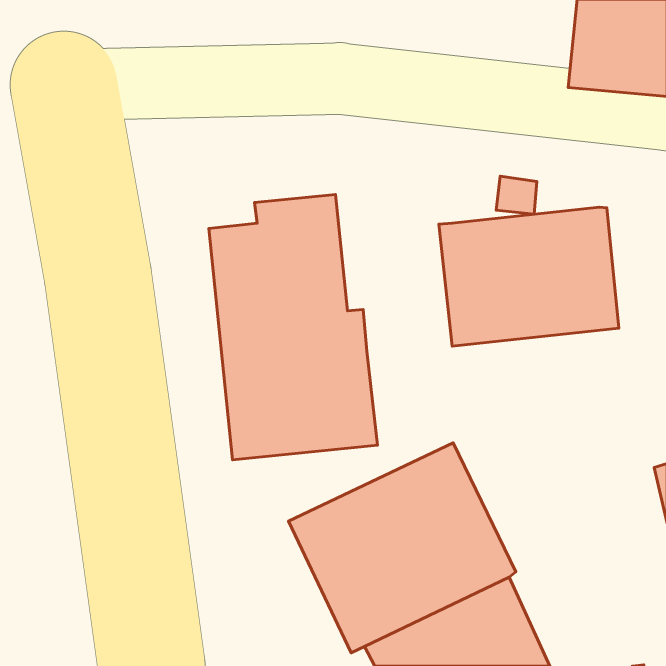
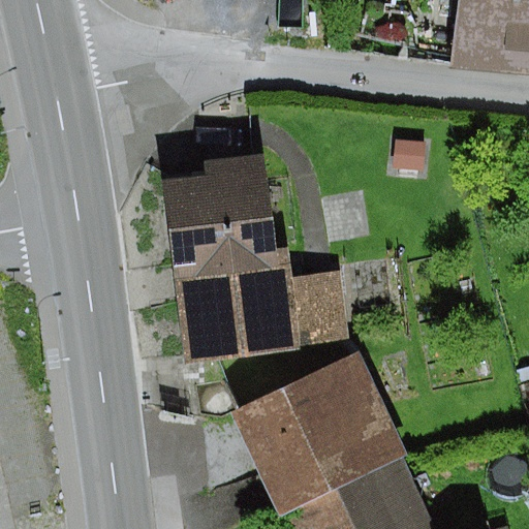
building: [439,207,619,346] -> none
building: none -> [291,272,347,343]

